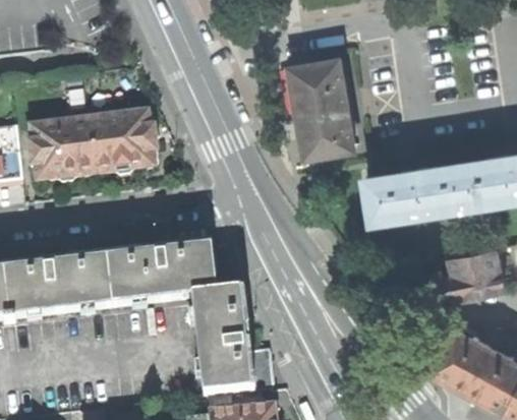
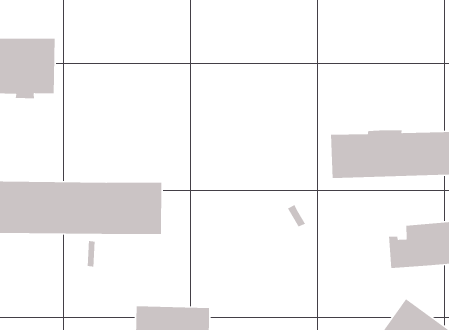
building: [293,57,354,153] -> none
building: [89,111,156,173] -> none
building: [191,290,270,364] -> none

